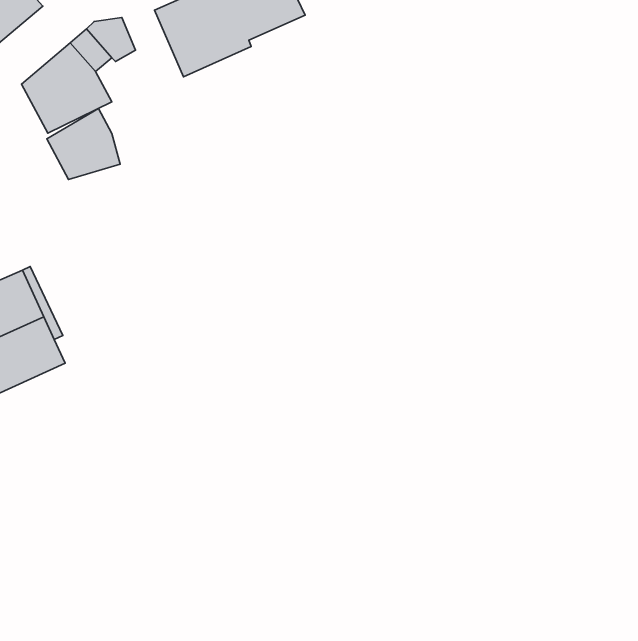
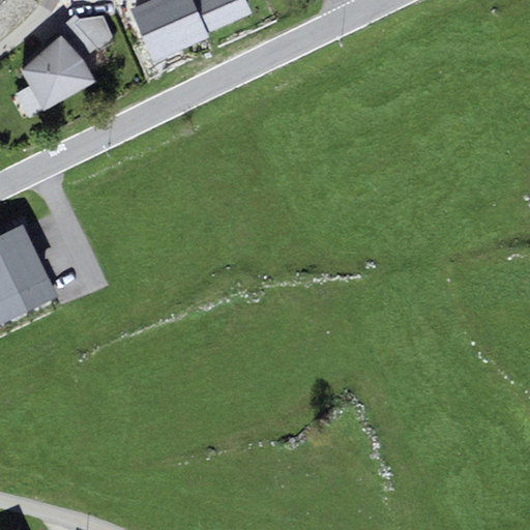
building: [47,108,120,179] -> none

